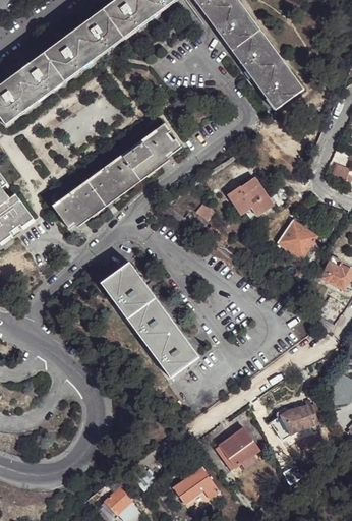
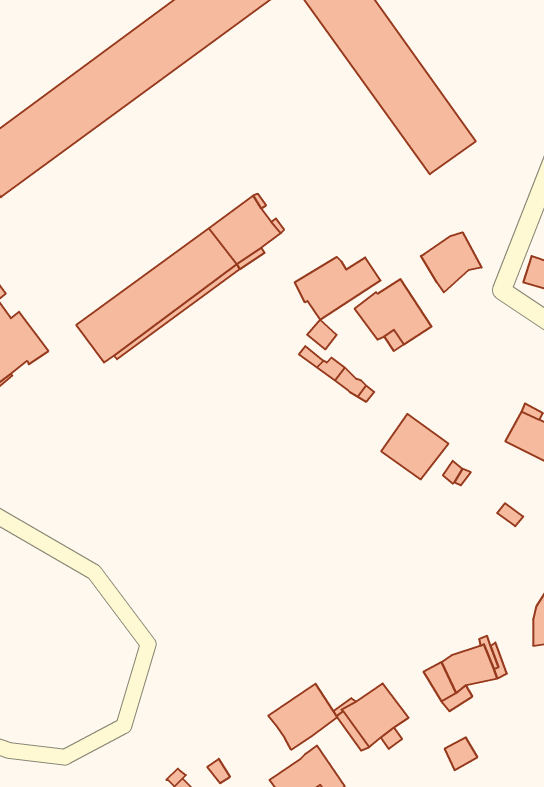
building: none -> [421,232,482,292]
building: none -> [295,257,381,320]
building: [276,217,317,257] -> [381,414,448,479]
building: [97,263,196,378] -> none
building: none -> [268,684,337,750]

